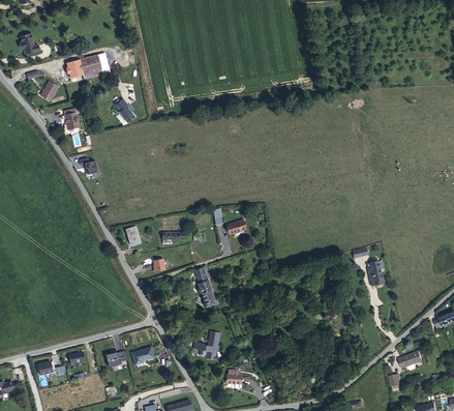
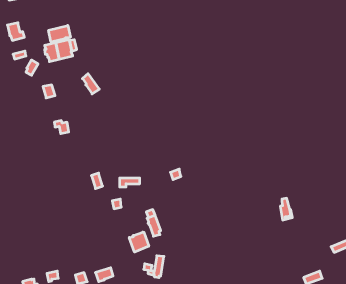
building: none -> [49,25,70,42]
building: none -> [129,232,149,252]

